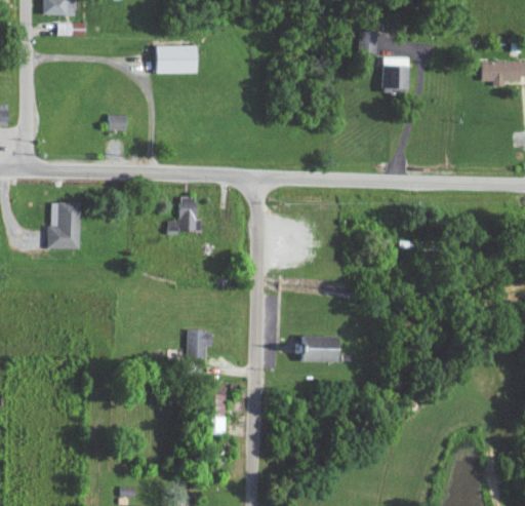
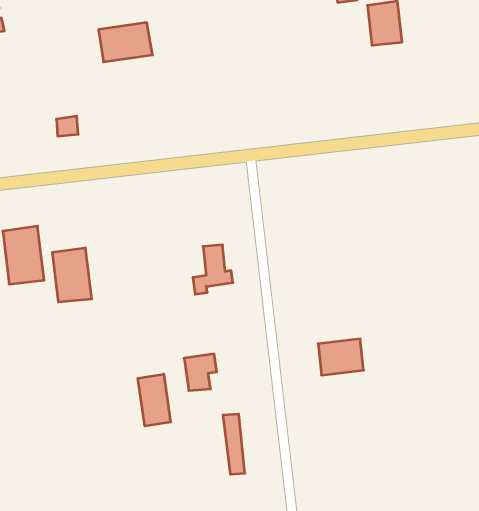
building: [168,196,201,235] -> [193,245,233,294]
building: none -> [52,248,92,302]
building: none -> [138,374,171,426]

